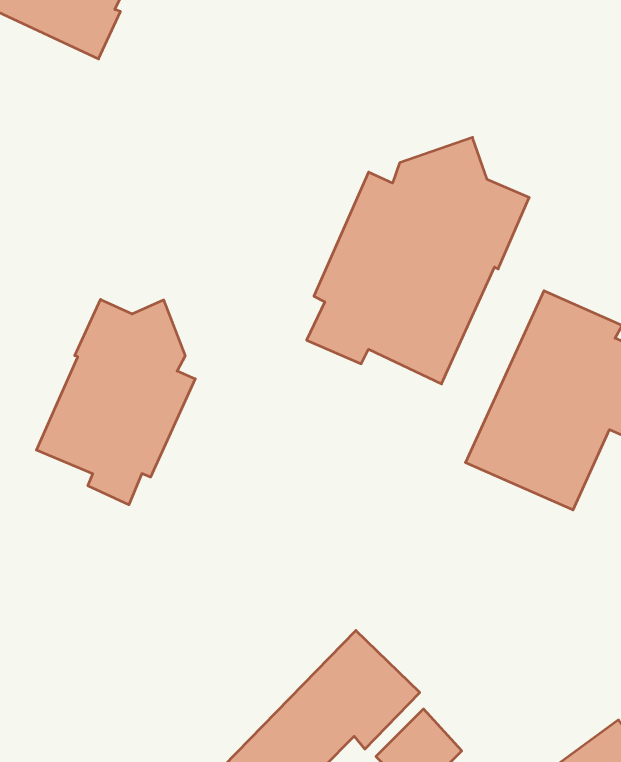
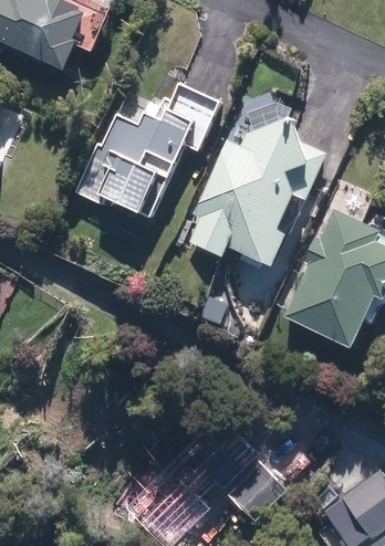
building: none -> [76,87,217,216]
building: [36,299,195,505] -> none

